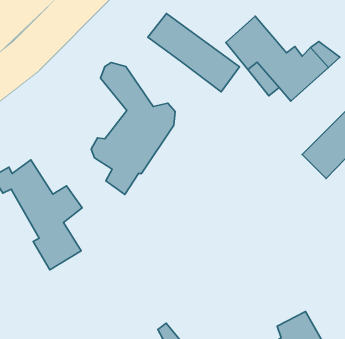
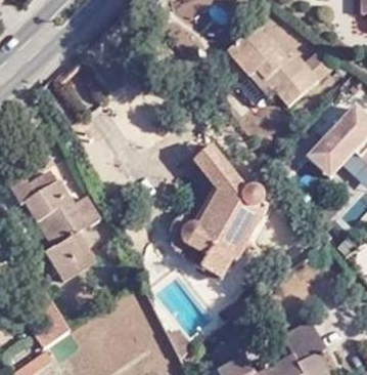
building: [148,13,239,92] -> none
building: [91,62,175,194] -> [183,145,265,275]

